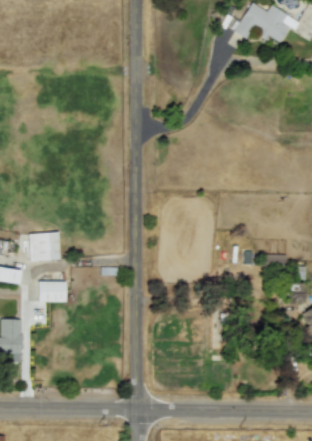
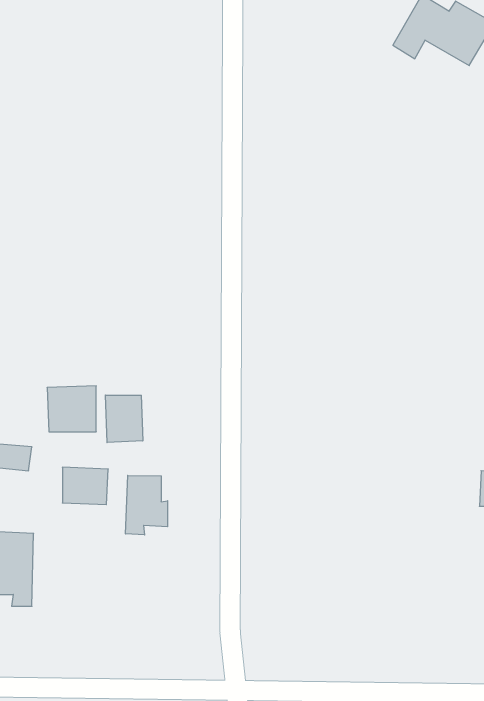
building: none -> [105,395,143,443]
building: none -> [126,475,168,535]

